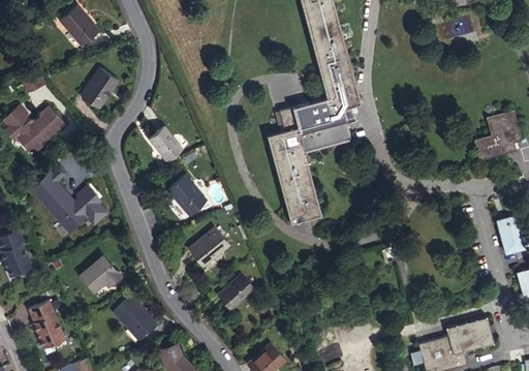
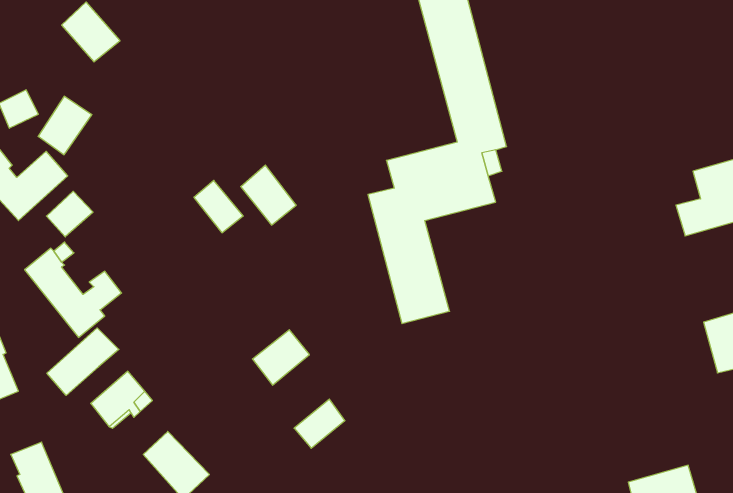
building: [83,70,119,110] -> [38,96,92,155]
building: none -> [46,191,93,237]
building: [168,176,206,216] -> [241,165,296,225]
building: none -> [47,328,119,395]

